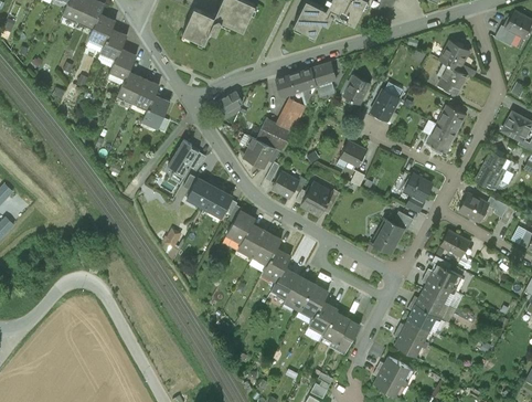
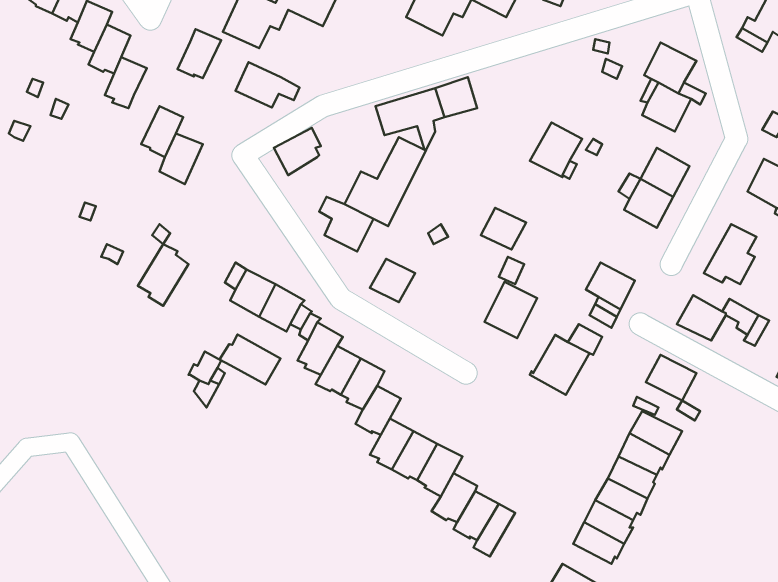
building: none -> [235,62,300,108]
building: [117,72,143,102] -> [178,29,221,78]
building: [343,74,370,105] -> none
building: [168,139,199,177] -> [138,244,189,306]
building: [300,182,332,216] -> [485,282,537,338]
building: none -> [220,334,280,385]

